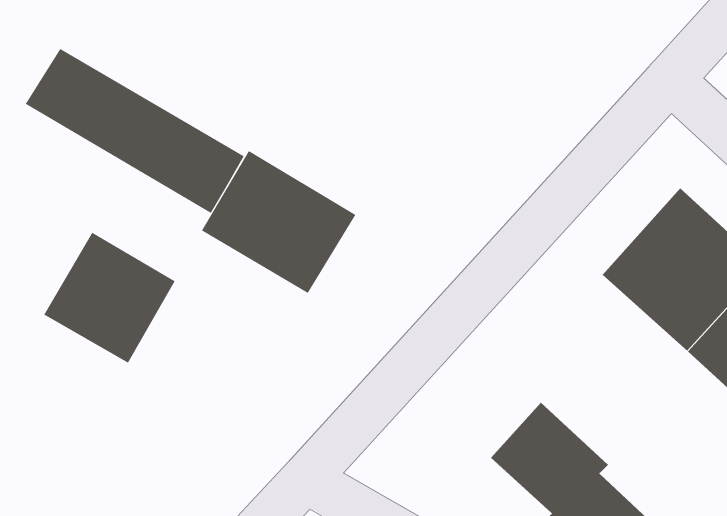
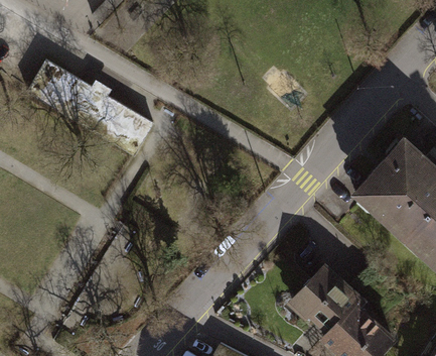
building: [201,150,356,294] -> none
building: [44,232,175,363] -> none

